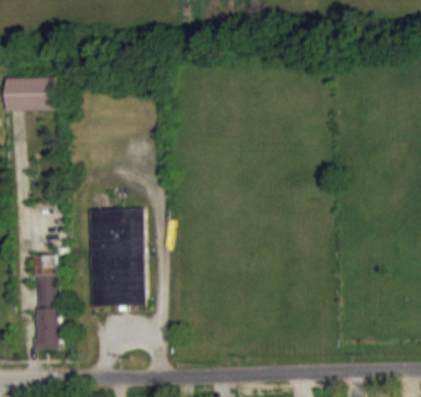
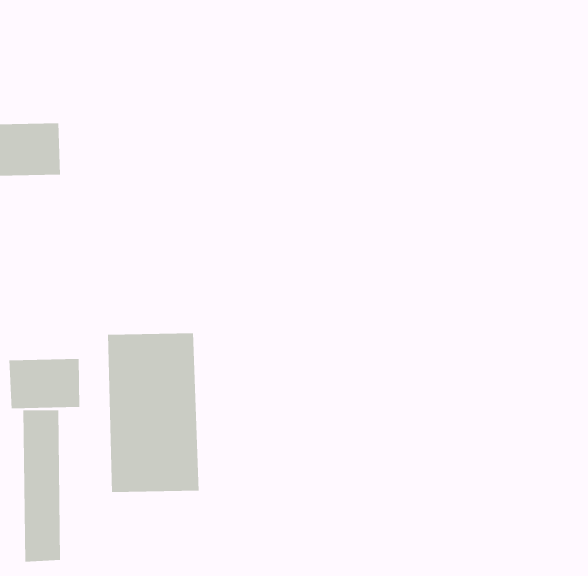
building: none -> [9,358,80,409]

